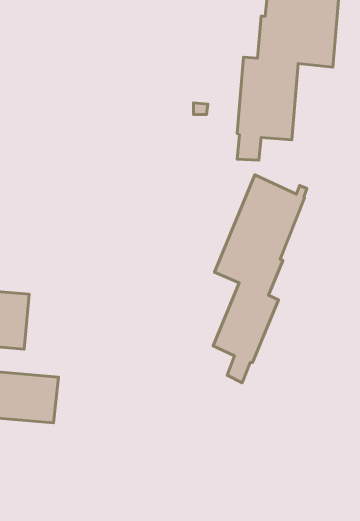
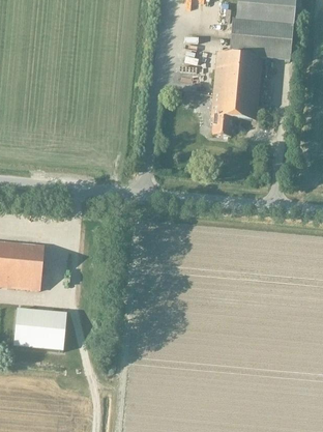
building: [213,175,307,383] -> none

